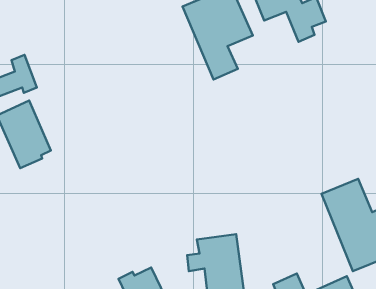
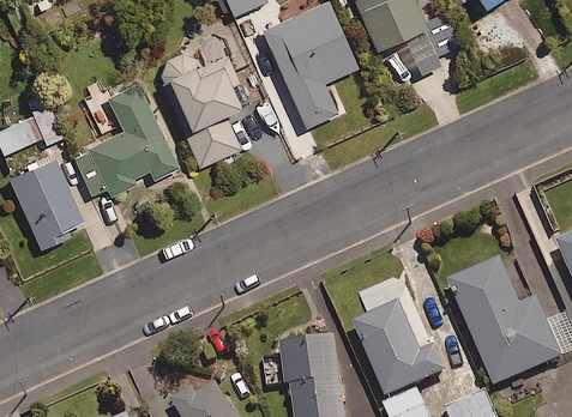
building: none -> [159,26,239,163]
building: none -> [73,79,174,192]
building: none -> [353,301,444,395]

